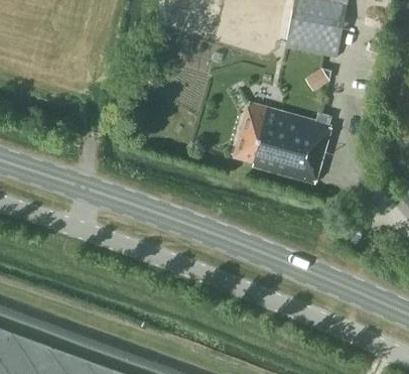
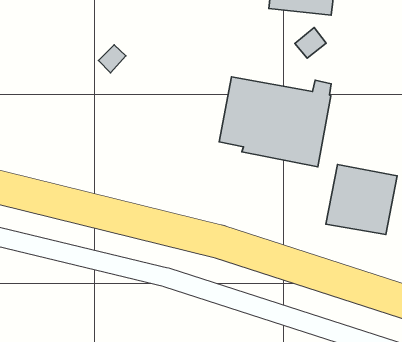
building: none -> [326,164,397,235]

